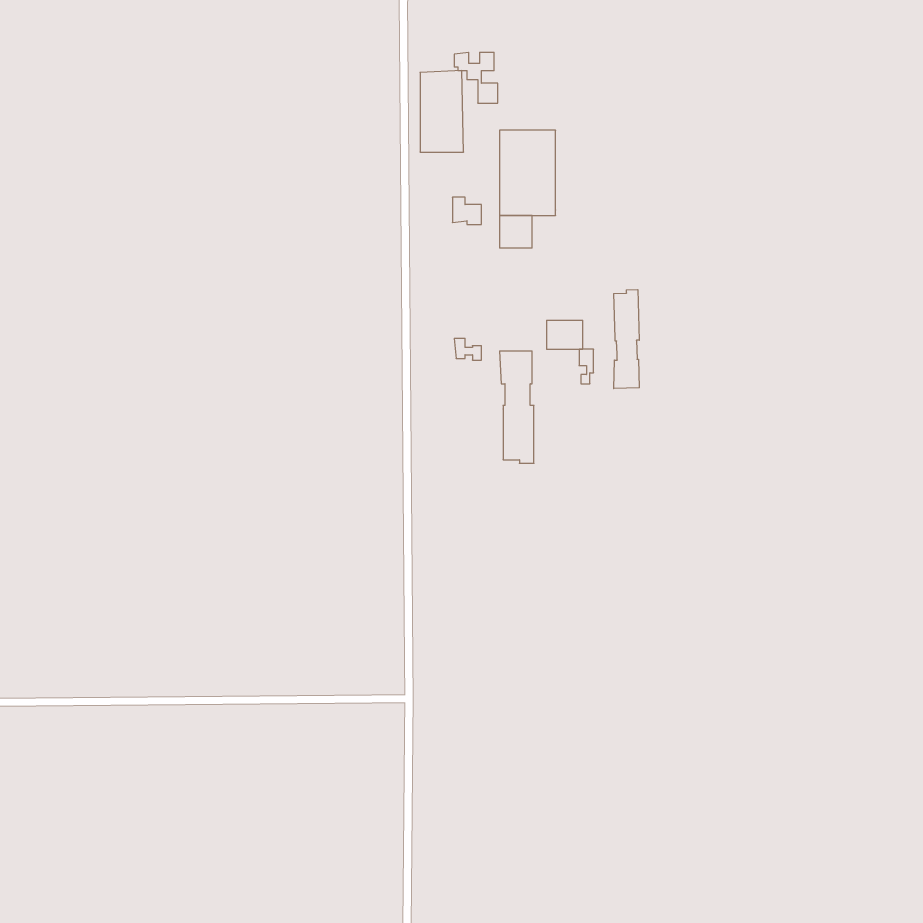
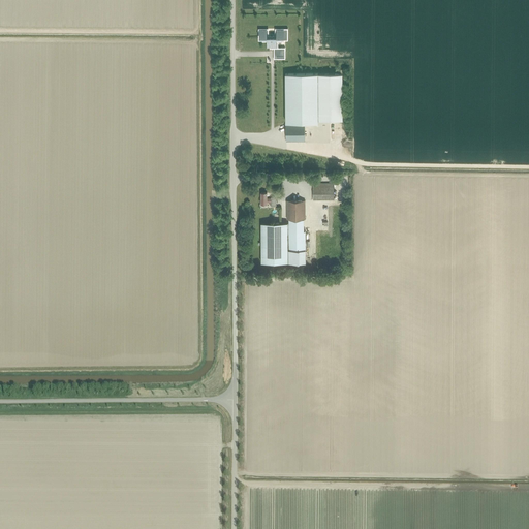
building: [420,71,464,152] -> [317,74,342,121]
building: [614,290,639,389] -> none
building: none -> [260,224,288,264]

